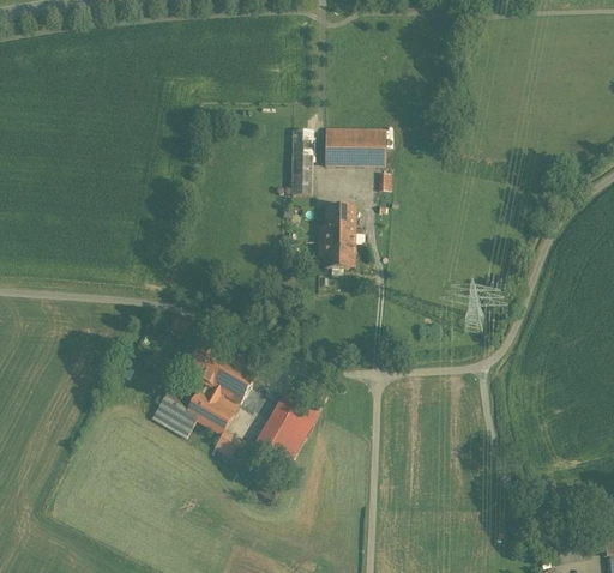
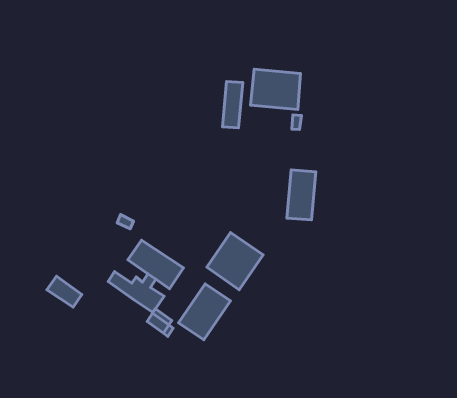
building: [323,207,355,269] -> [287,170,316,220]
building: none -> [207,232,263,290]
building: [151,400,195,438] -> [47,276,82,307]

